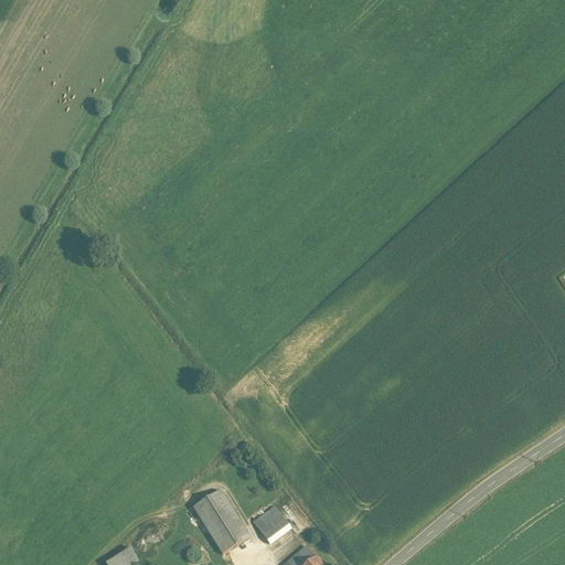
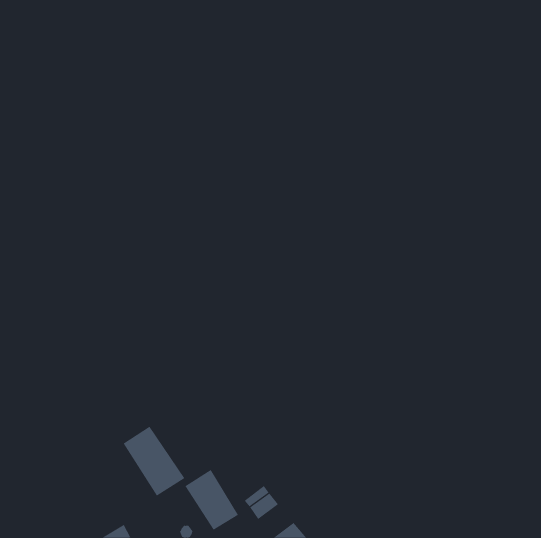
building: none -> [123,426,185,497]

